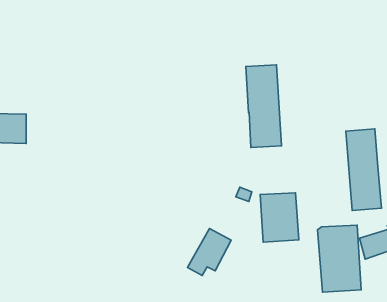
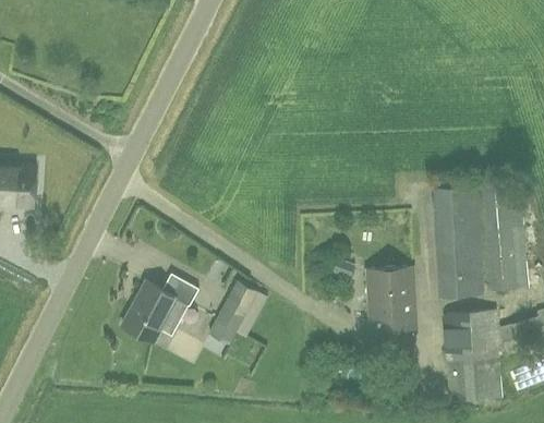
building: [246,65,282,147] -> [434,186,482,298]
building: none -> [121,275,198,343]
building: [188,229,231,276] -> [208,282,267,346]

